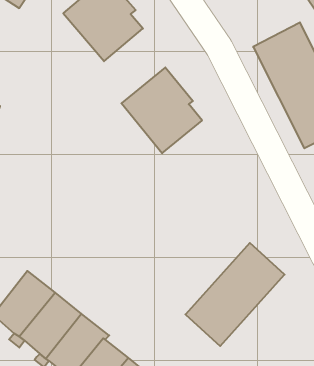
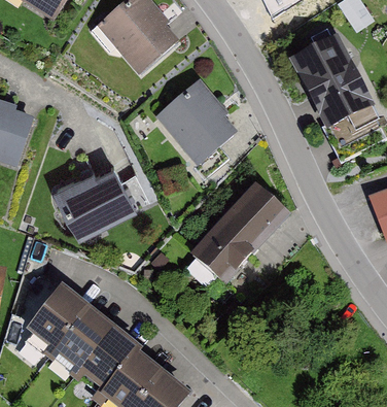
building: none -> [55,161,138,236]
building: [185,243,285,346] -> [191,182,291,286]

